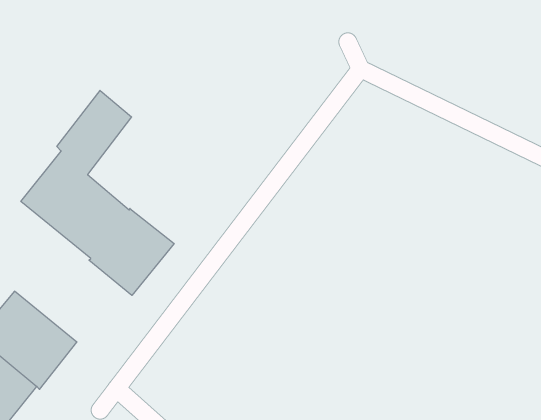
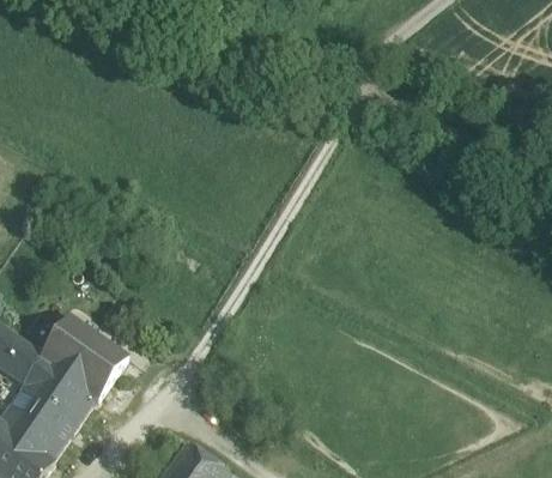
building: [21,90,174,295] -> none

